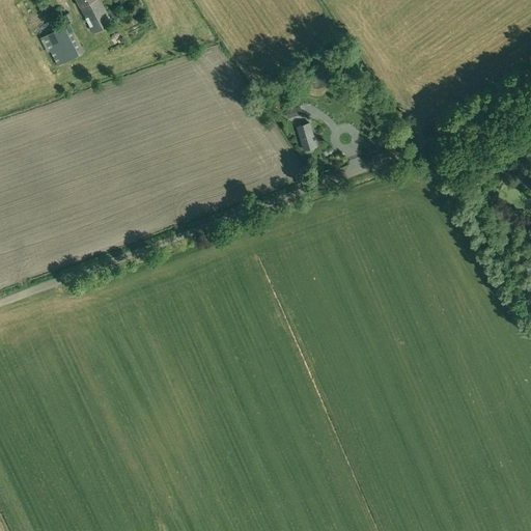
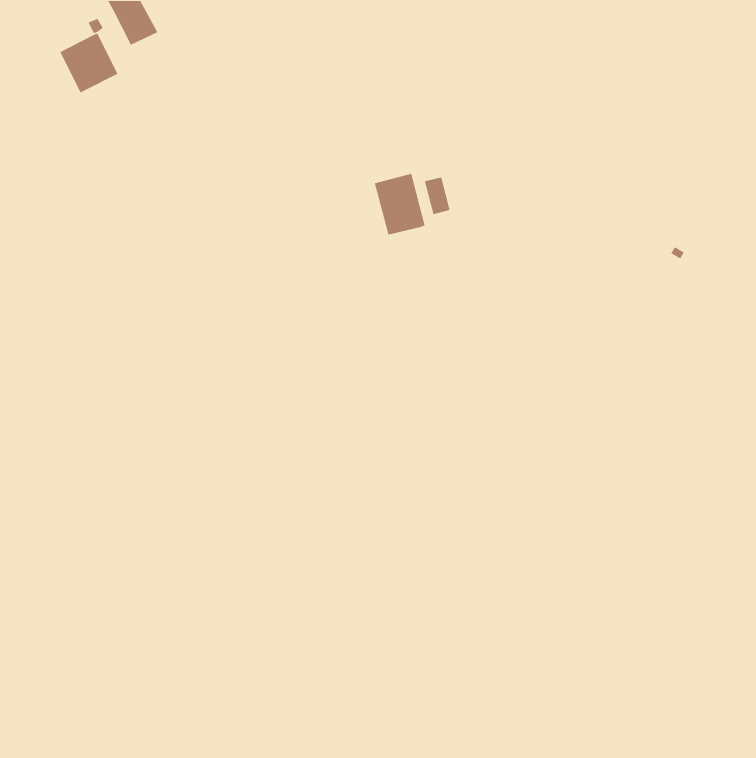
building: none -> [374,173,425,236]

